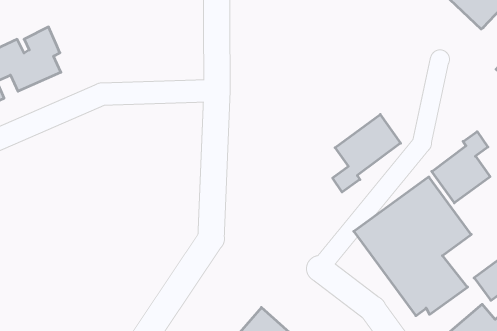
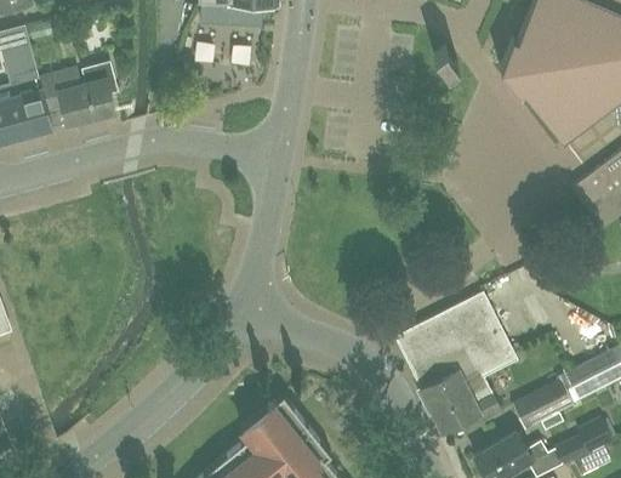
building: [333,114,401,192] -> none
building: [432,132,490,203] -> none

